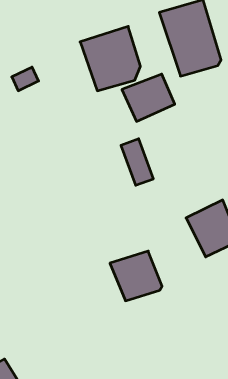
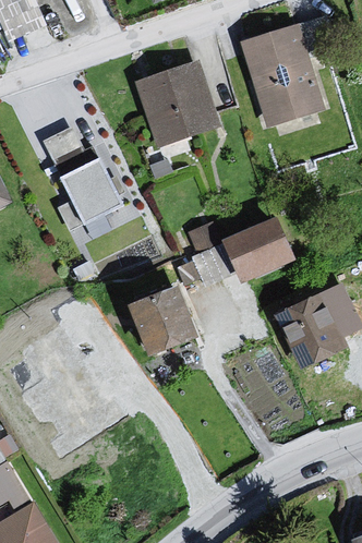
building: [122,74,175,121] -> [225,219,295,282]
building: none -> [62,155,125,225]
building: [110,251,162,301] -> [132,288,202,354]

